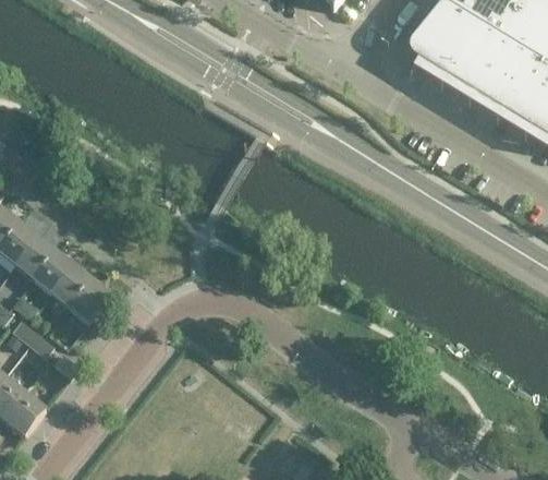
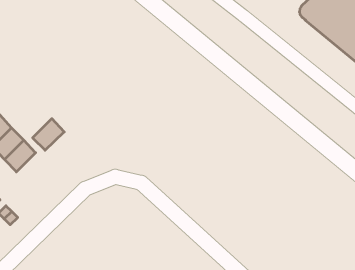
building: [69,281,109,324] -> [33,119,64,150]

